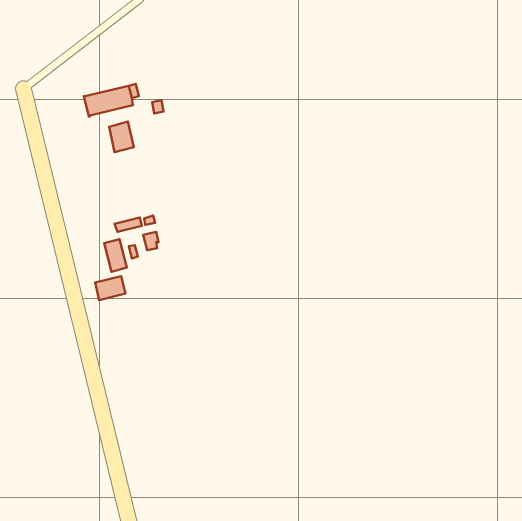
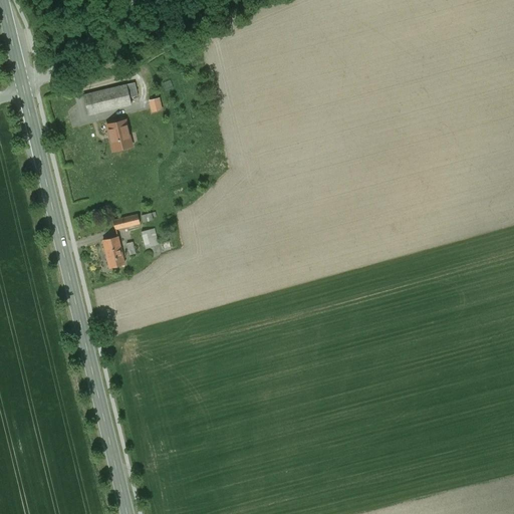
building: [95,276,125,300] -> none

